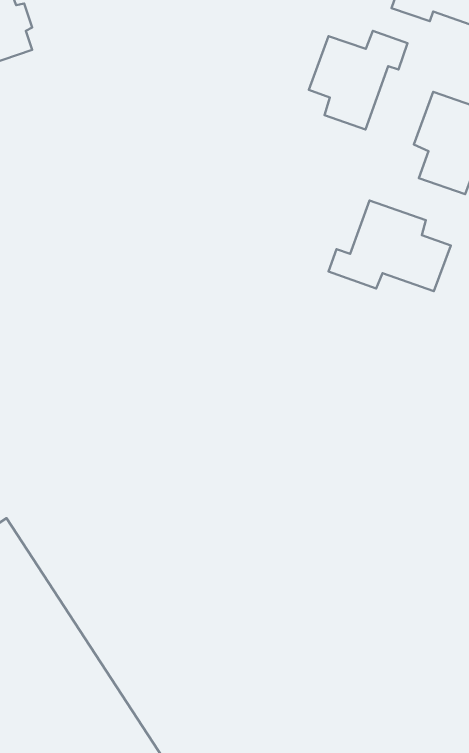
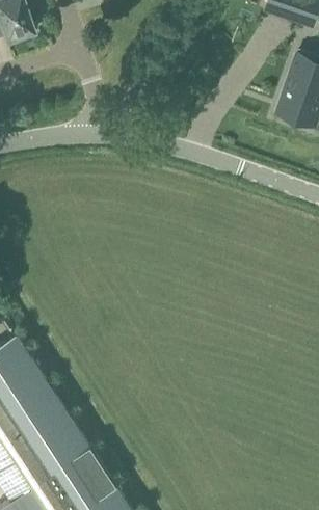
building: [309,31,408,129] -> none
building: [329,200,451,291] -> none

